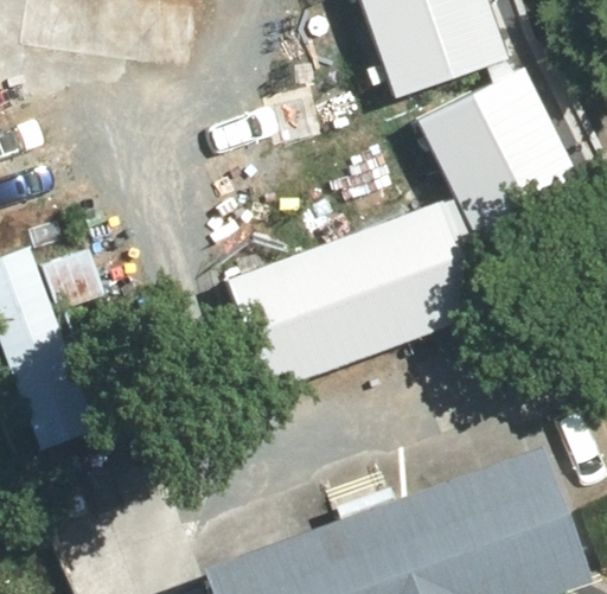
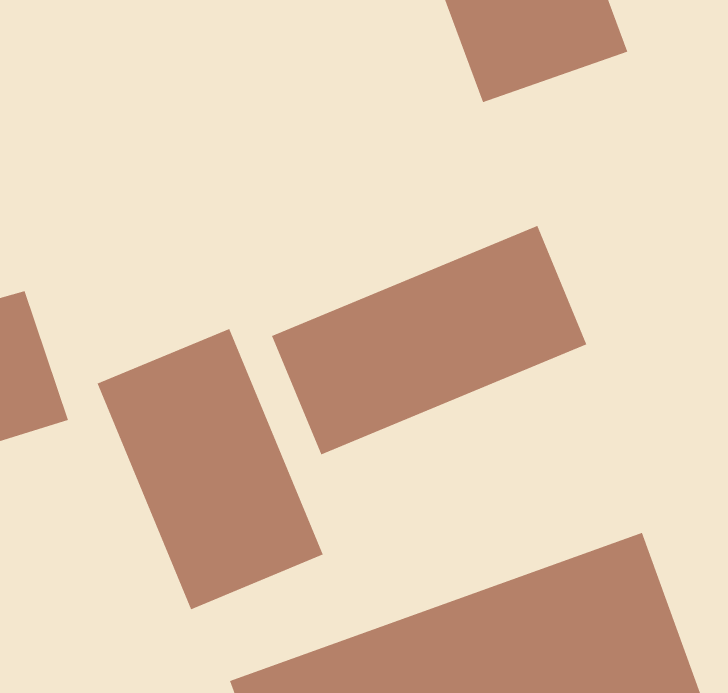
building: [420,66,588,241] -> none
building: none -> [97,328,324,610]

